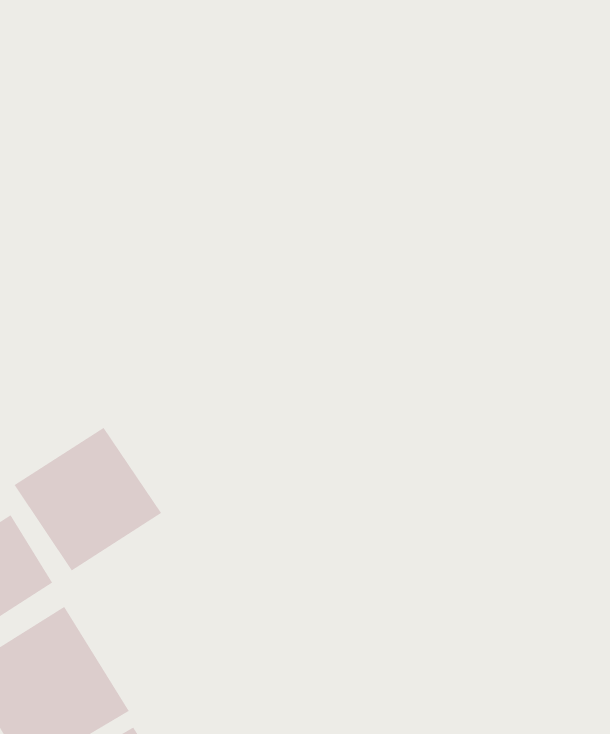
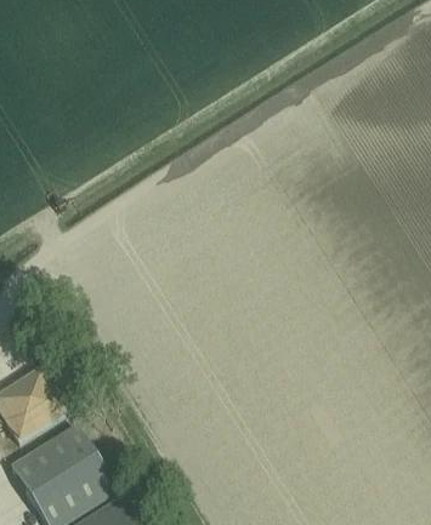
building: [13,427,162,571] -> none

